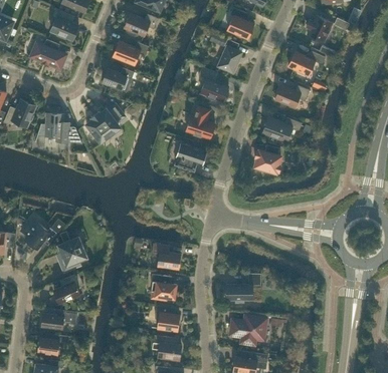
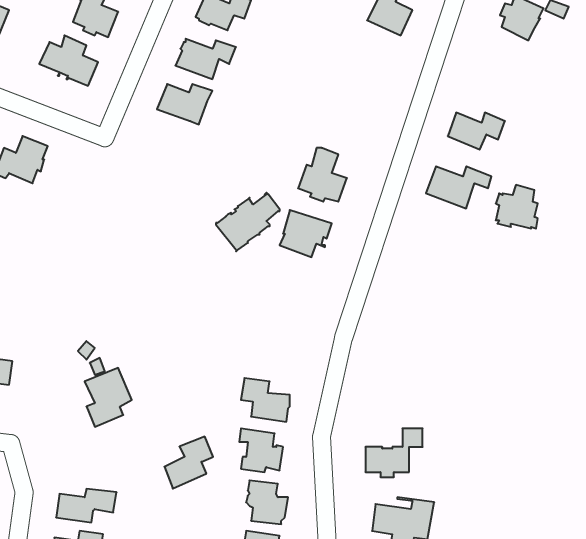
building: [217,39,241,73] -> none
building: [287,51,325,76] -> none
building: [197,66,227,101] -> none
building: [85,105,124,140] -> [216,193,280,251]
building: [44,113,68,141] -> none
building: [254,145,279,171] -> [496,185,538,229]
building: [21,221,56,250] -> none
building: [53,273,82,304] -> [164,437,213,489]

